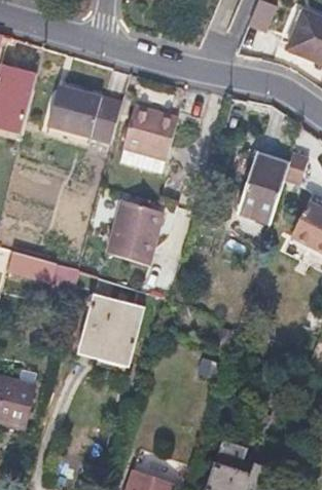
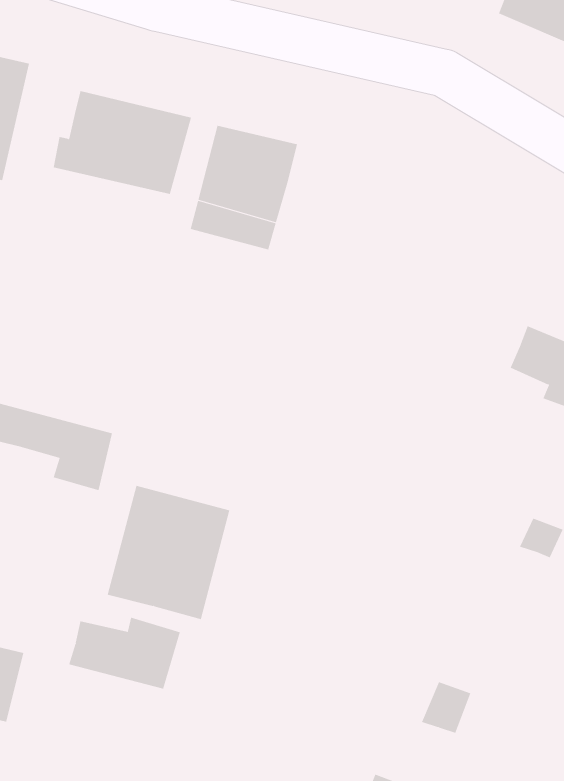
building: [237,152,289,221] -> none
building: [108,197,166,264] -> none
building: none -> [68,617,180,690]

